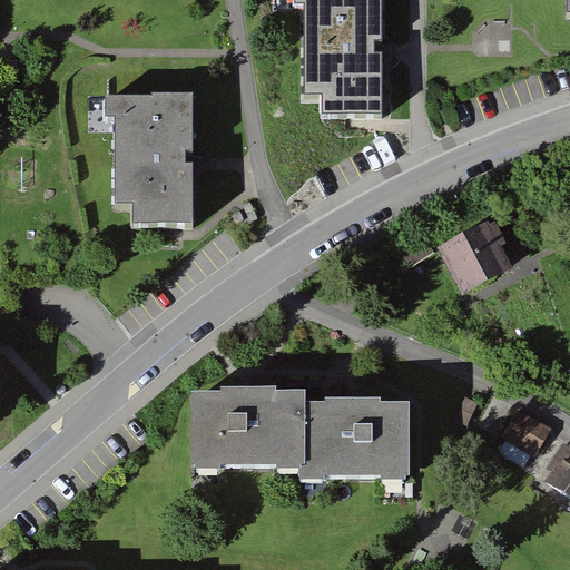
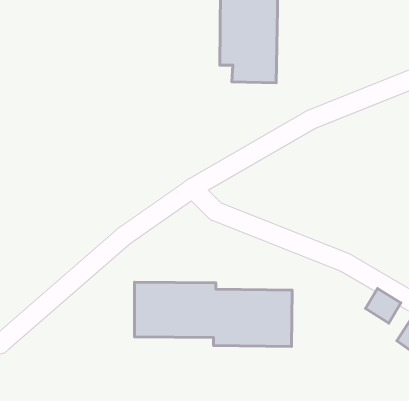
building: [99,92,194,222] -> none
building: [442,208,518,283] -> none

